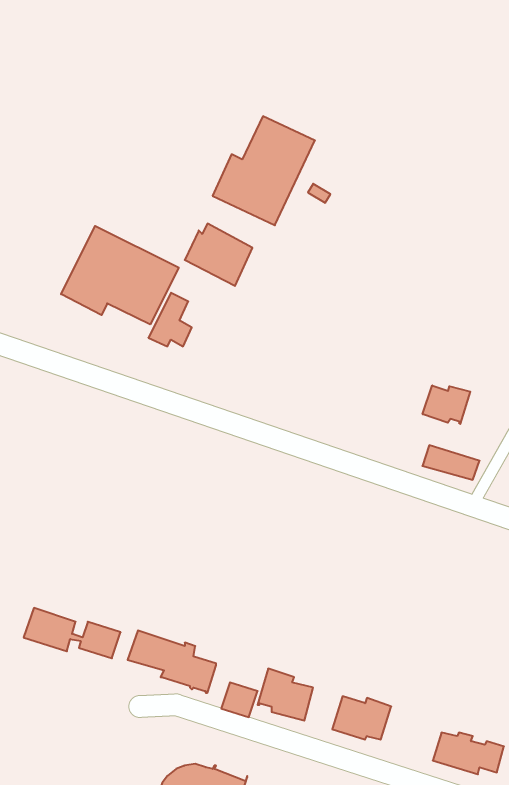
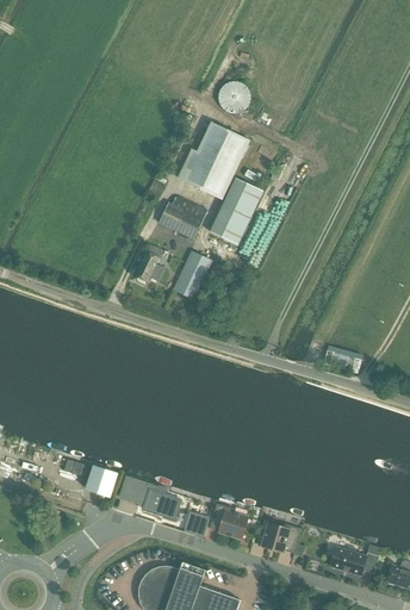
building: none -> [218,80,253,114]
building: none -> [209,178,262,244]
building: [61,226,179,324] -> none
building: none -> [173,250,211,299]
building: [423,385,470,424] -> none

